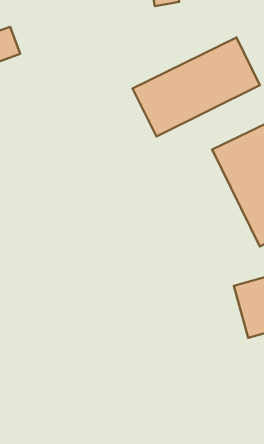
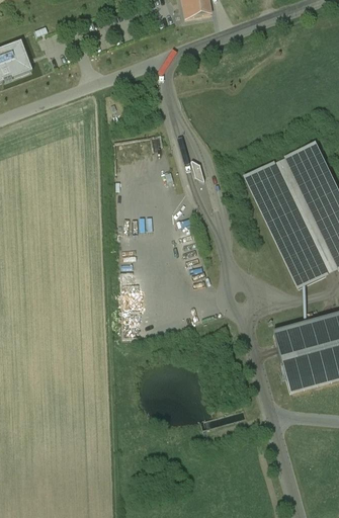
building: [132,38,260,137] -> none

